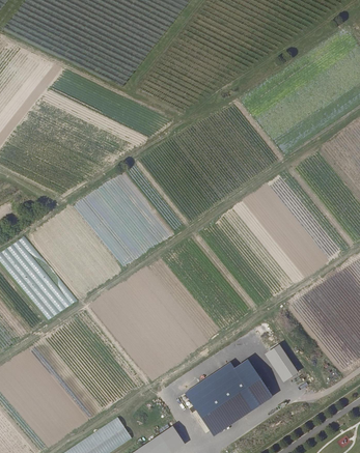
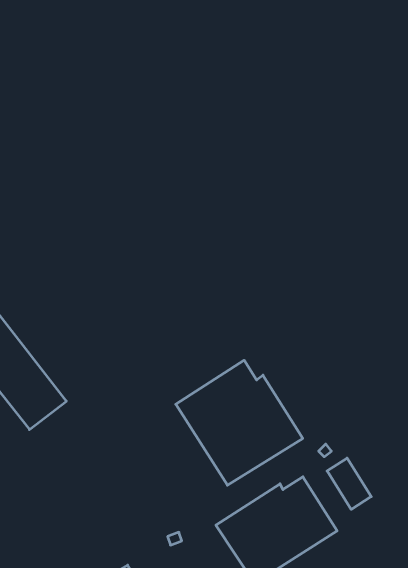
building: none -> [176,360,303,485]

